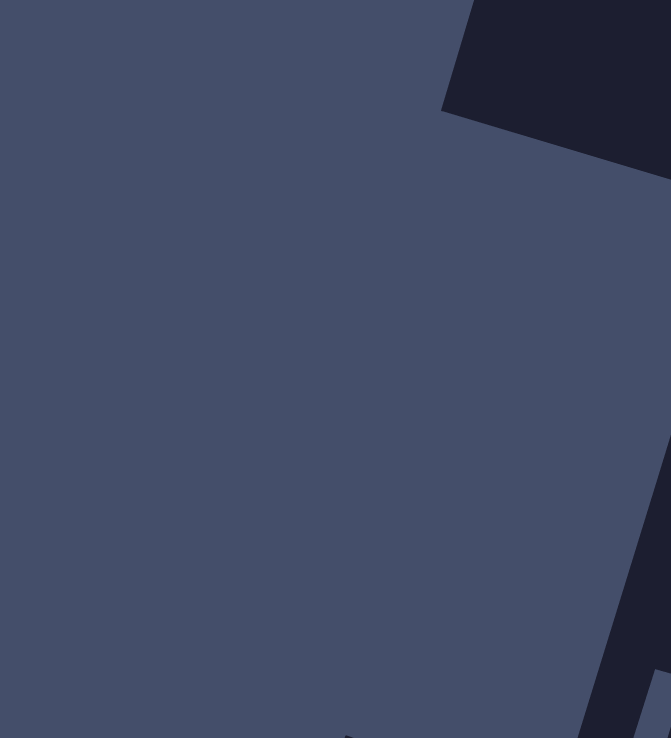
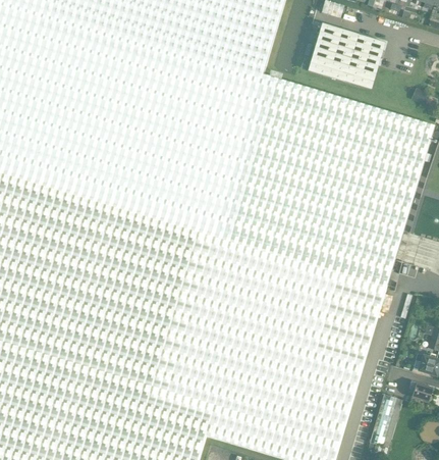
building: none -> [308,24,385,91]

